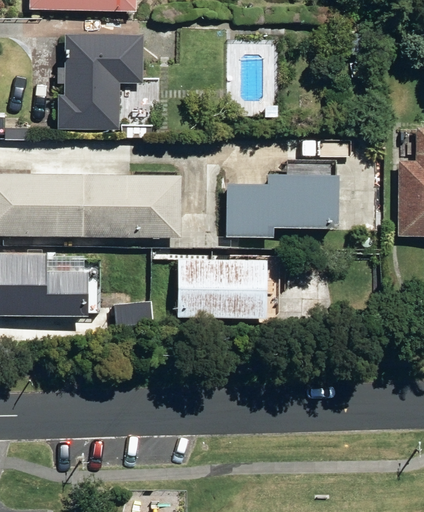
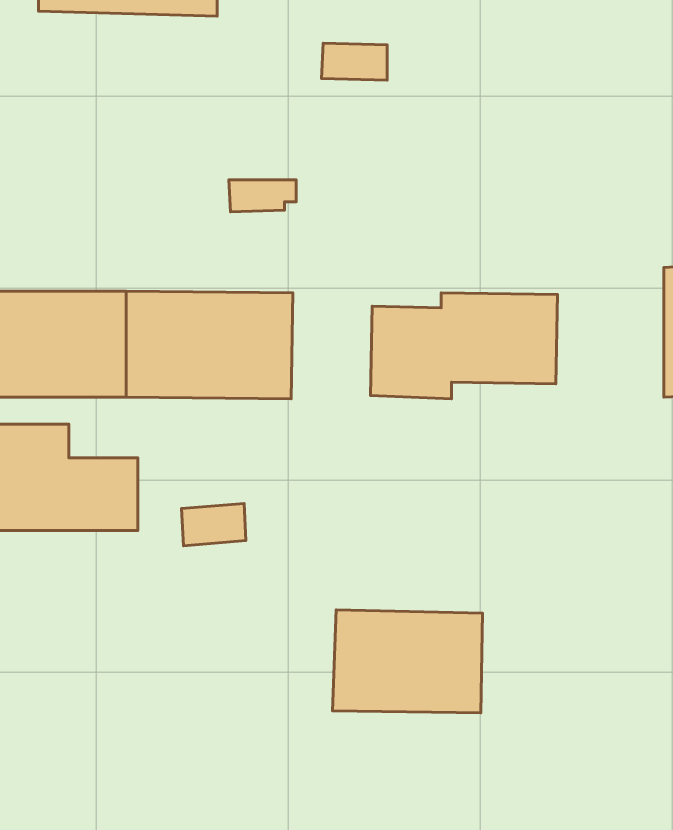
building: [59,33,144,129] -> none
building: [177,257,266,318] -> [333,610,483,713]

